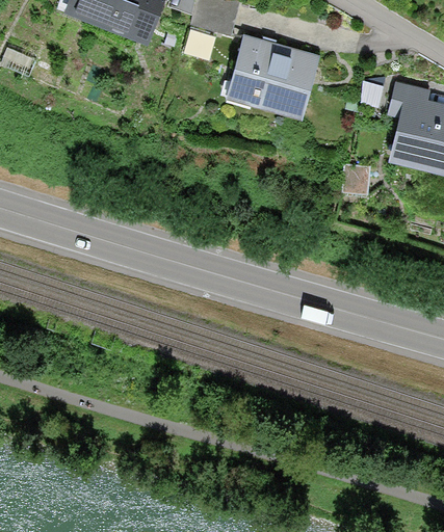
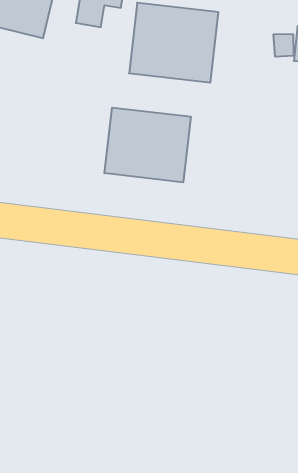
building: none -> [104,108,191,182]

